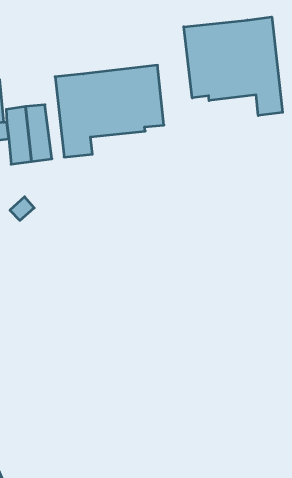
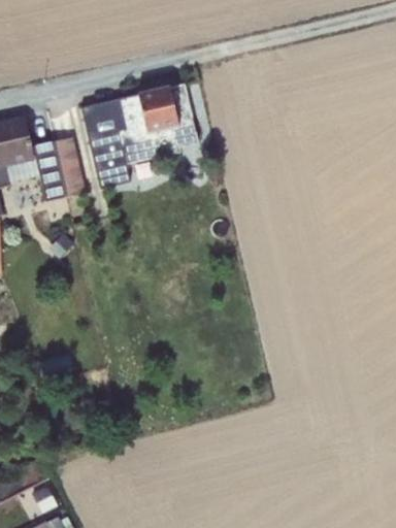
building: [184,17,283,116] -> none

